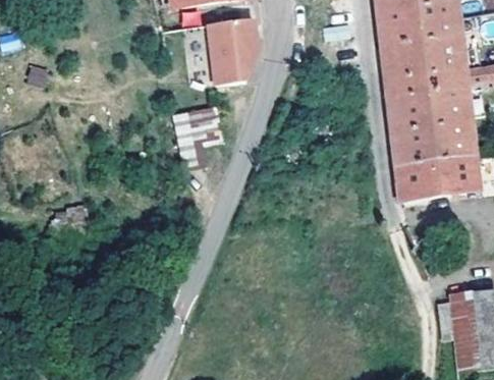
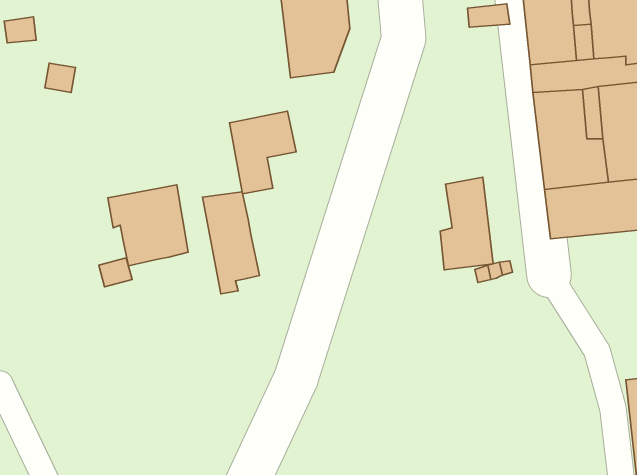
building: none -> [440,177,493,270]
building: none -> [108,185,188,266]
building: none -> [202,192,259,294]

